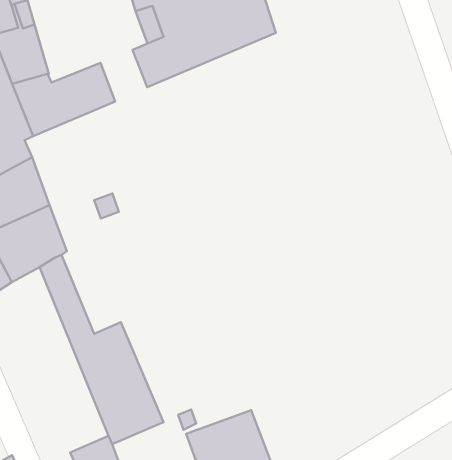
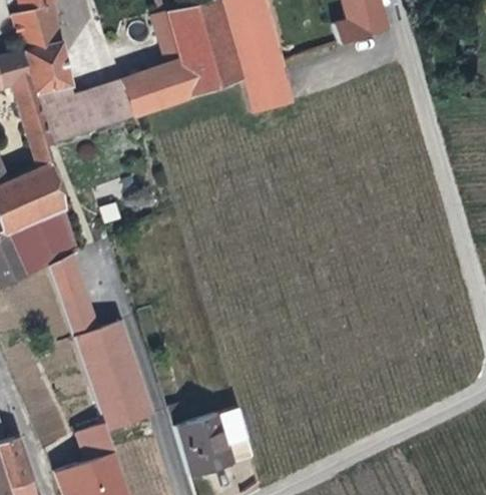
building: none -> [239,64,292,113]
building: none -> [120,71,161,117]

